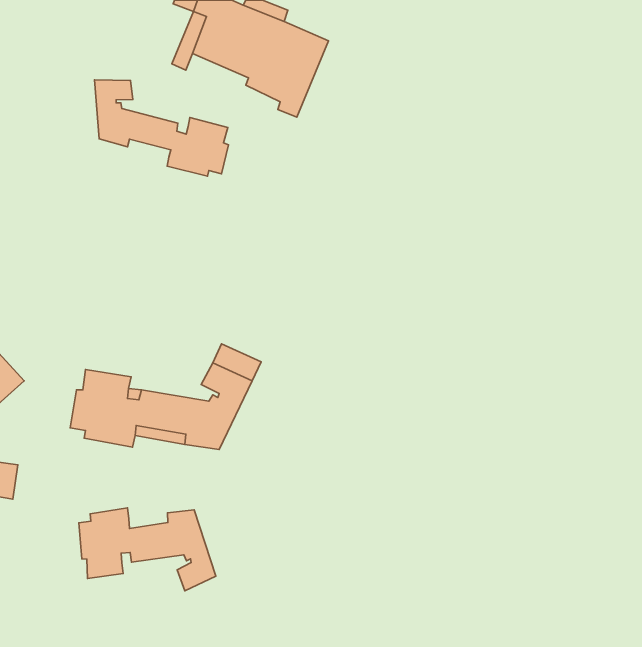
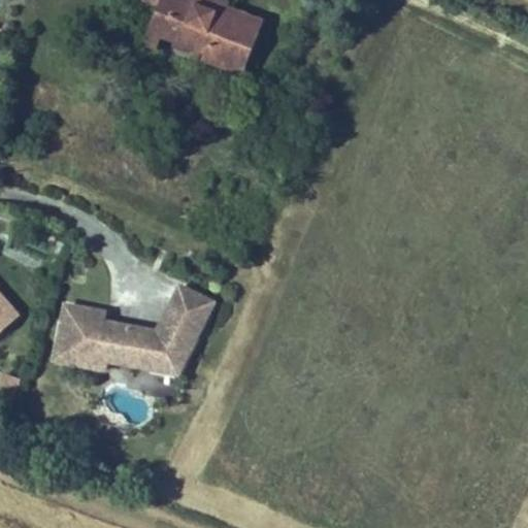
building: [94,80,228,176] -> none
building: [79,508,216,591] -> none

